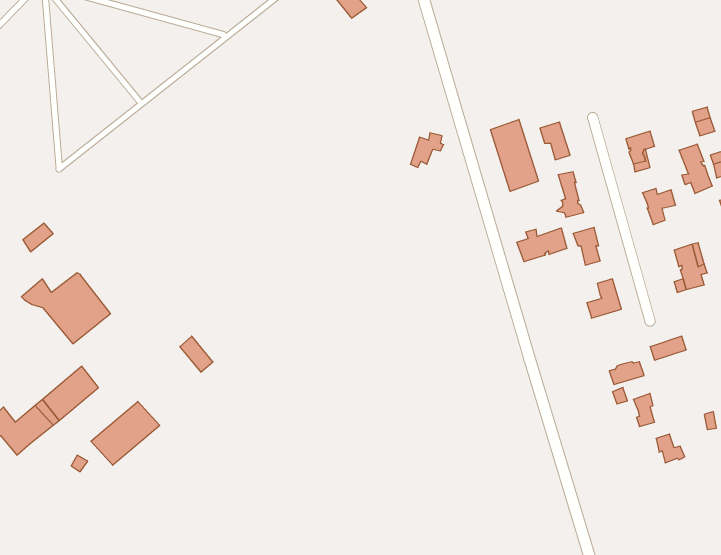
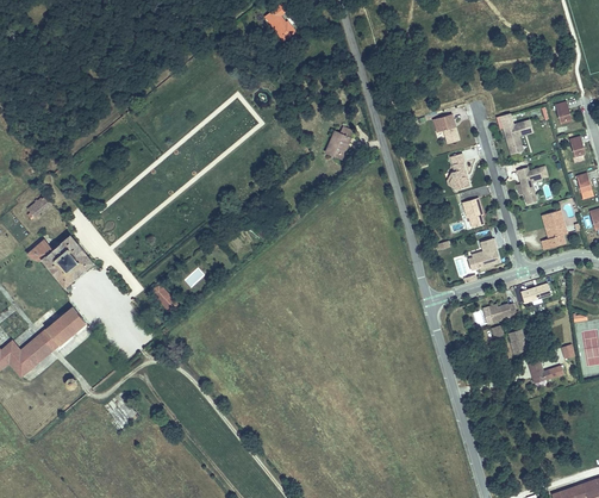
building: [491,119,539,191] -> none
building: [679,144,712,194] -> none
building: [517,228,567,262] -> none
building: [91,401,160,465] -> none

